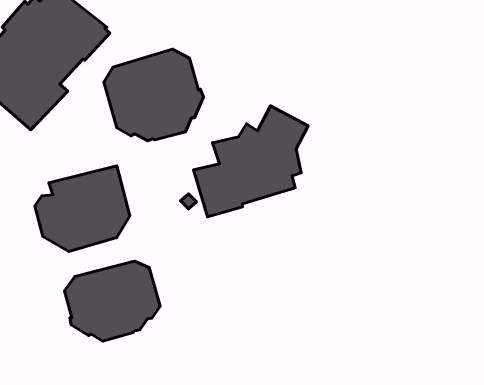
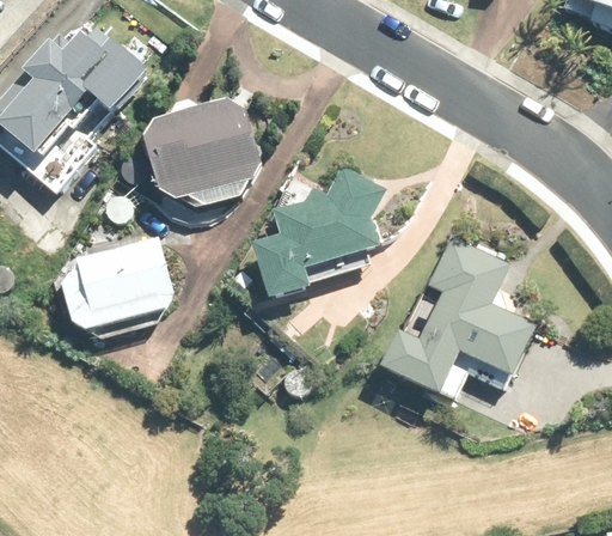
building: none -> [378,236,538,401]
building: [64,261,160,341] -> none

